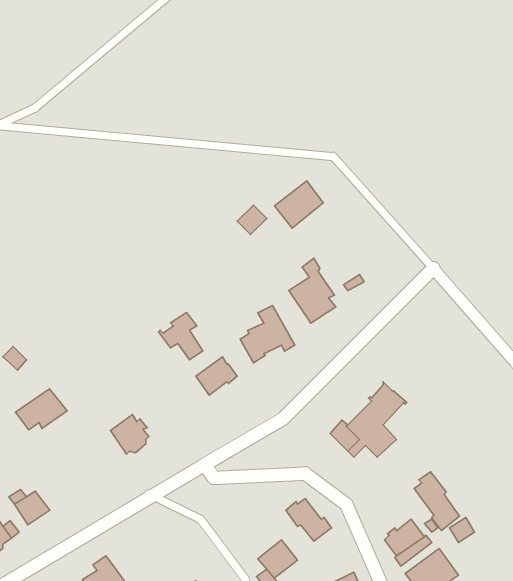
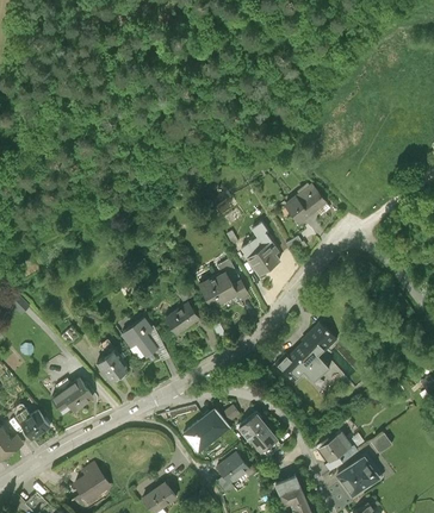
building: [275,181,323,228] -> [285,184,324,223]
building: [159,313,203,360] -> [120,317,156,355]
building: [15,389,67,430] -> [50,377,92,411]
building: [414,472,459,531] -> none
building: none -> [181,413,223,446]

